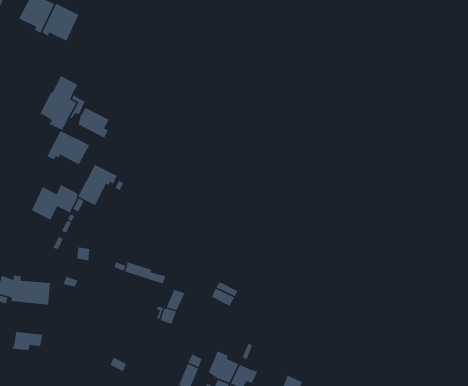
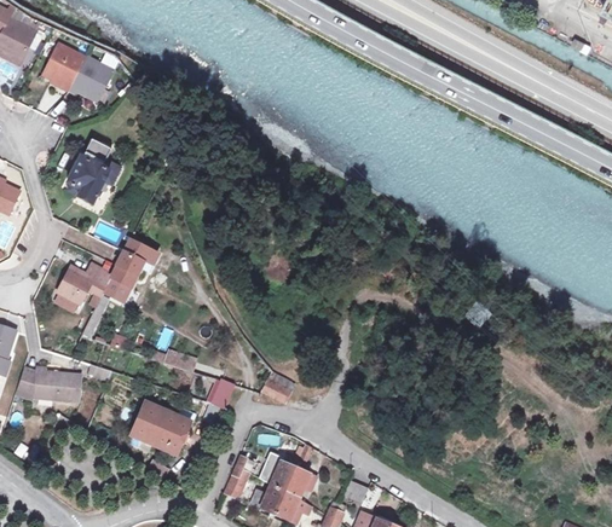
building: [78,107,110,139] -> none
building: [46,130,90,165] -> none
building: none -> [129,401,191,454]
building: [11,331,43,351] -> none

